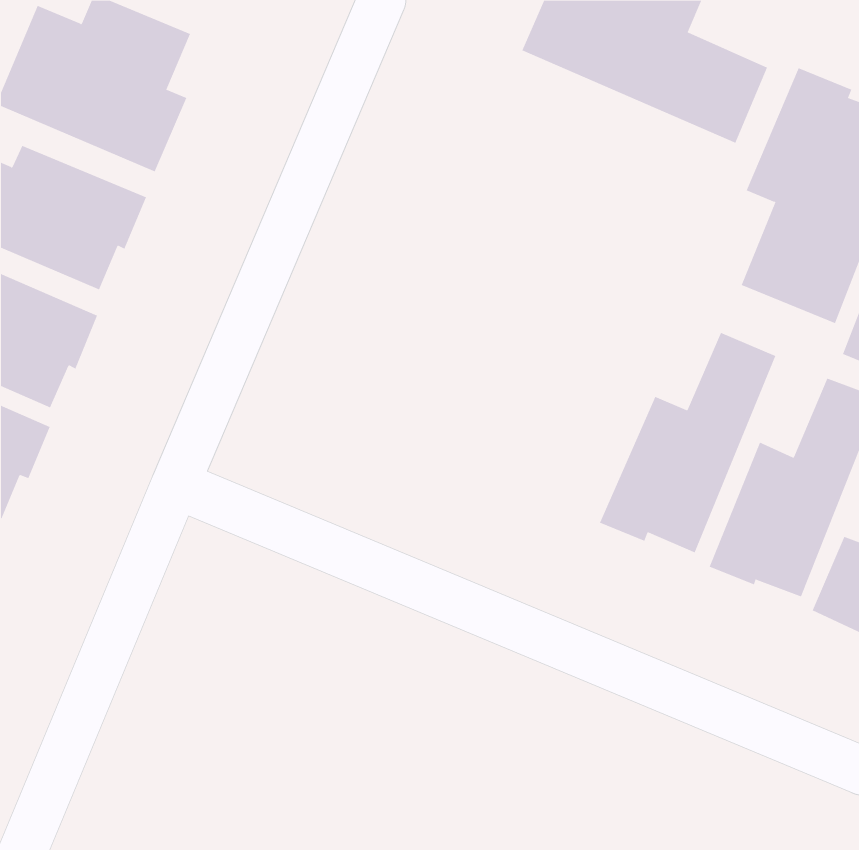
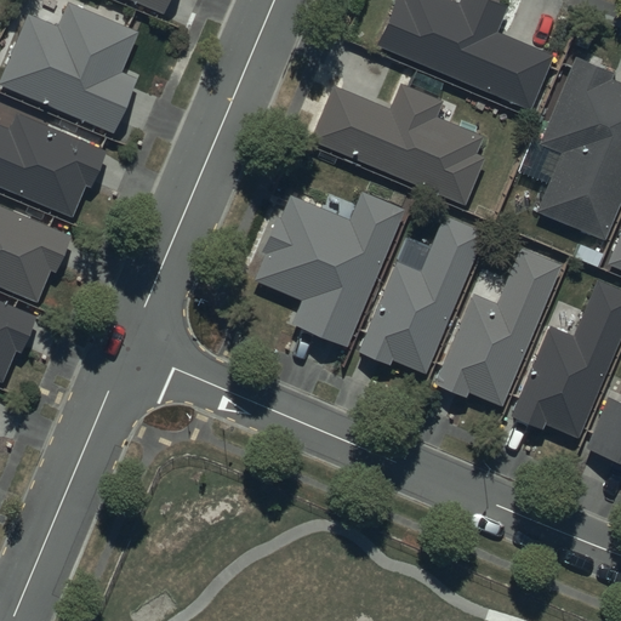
building: none -> [309,84,485,205]
building: none -> [253,193,403,346]
building: none -> [357,216,484,374]

